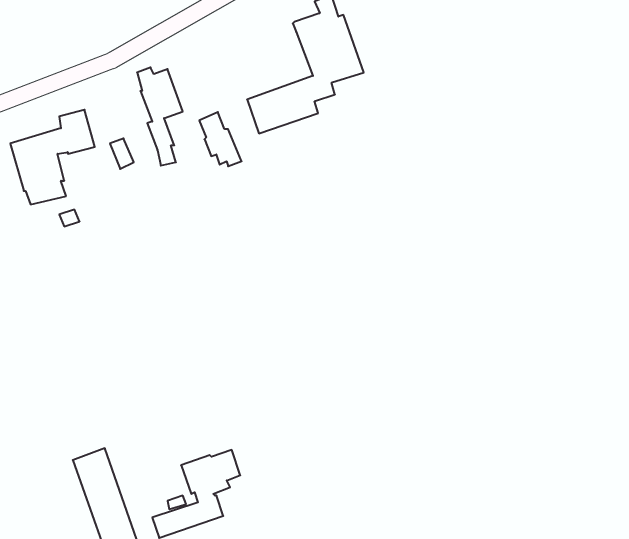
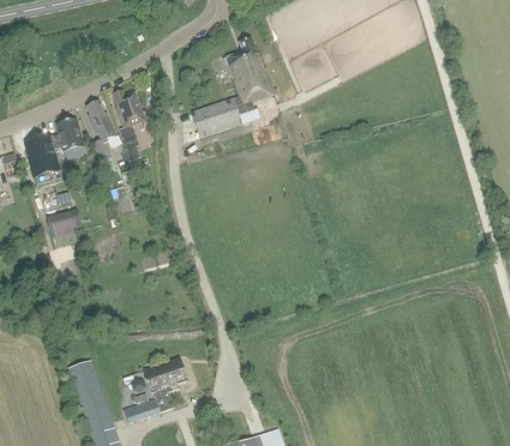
building: [199,112,242,166] -> [88,101,118,139]
building: none -> [48,209,84,237]

